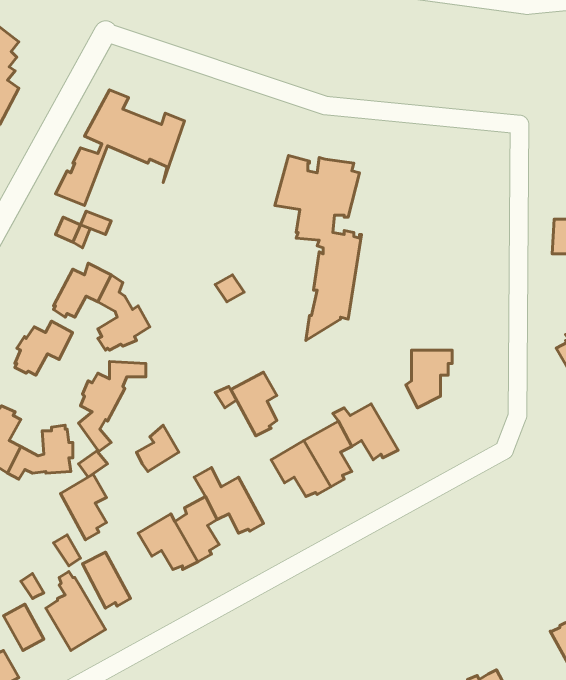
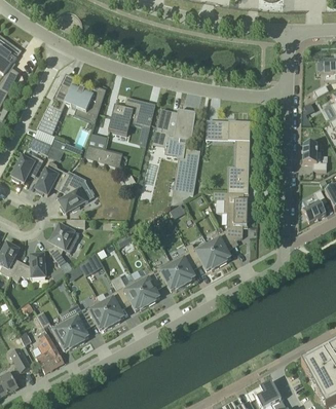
building: none -> [108,96,155,134]
building: none -> [215,119,251,181]
building: none -> [84,144,122,166]
building: none -> [213,190,249,211]
building: [15,321,73,375] -> [12,152,43,181]
building: [231,372,277,436] -> [135,269,159,303]
building: none -> [206,229,230,264]
building: [60,474,107,540] -> [64,308,88,343]

